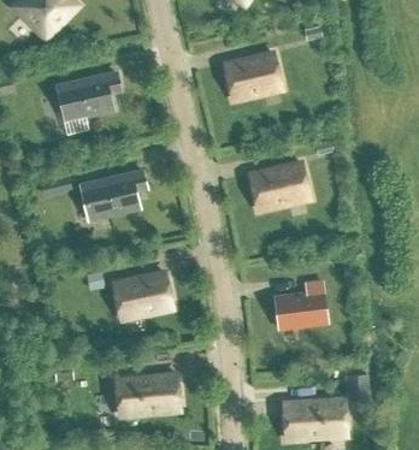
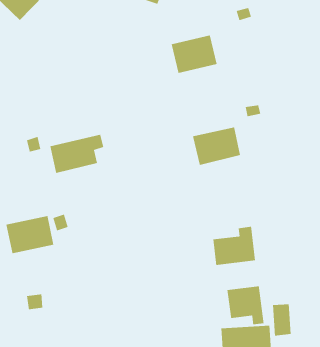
building: [58,72,119,119] -> none
building: [114,272,172,318] -> [6,215,54,254]
building: none -> [227,286,264,325]
building: [116,373,179,414] -> none

